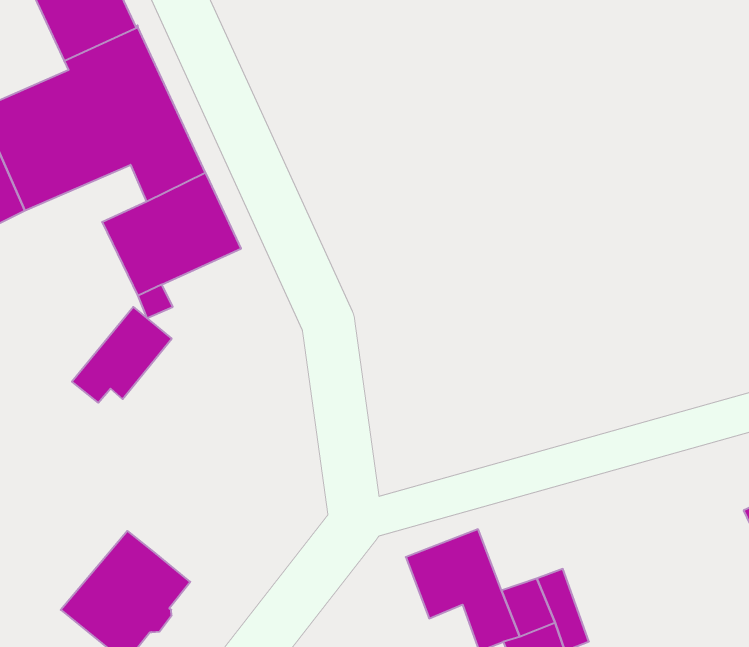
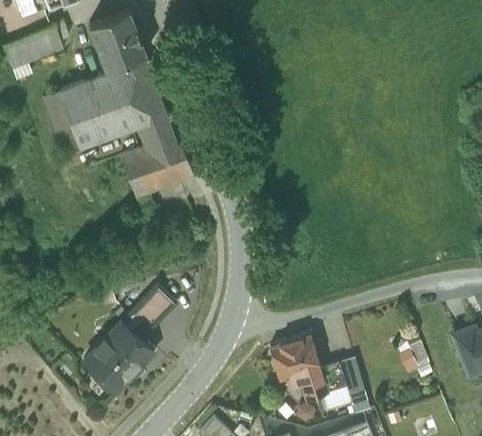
building: [72,307,172,403] -> [122,284,177,334]
building: none -> [399,340,430,373]

